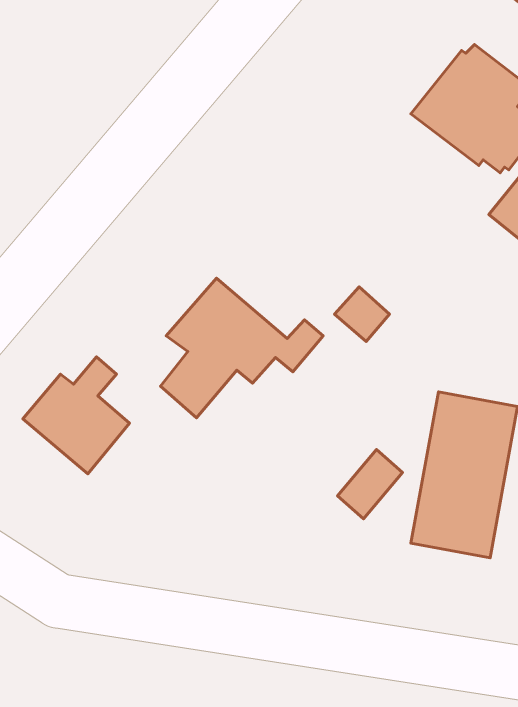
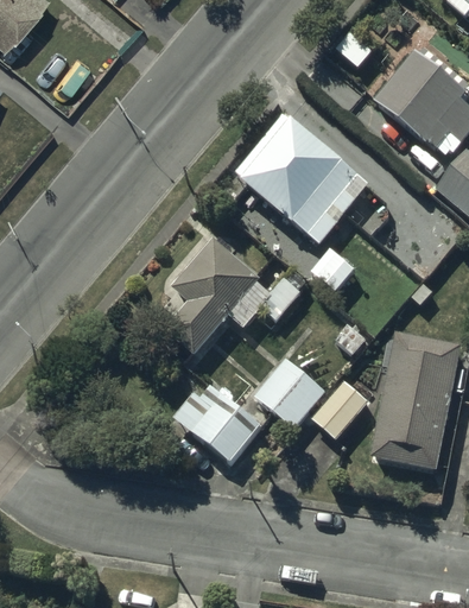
building: none -> [236,116,355,243]
building: [23,357,130,474] -> [175,365,262,461]
building: none -> [254,356,324,426]

